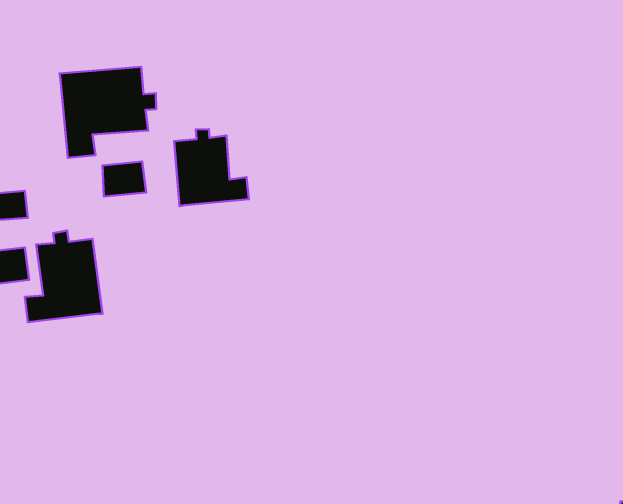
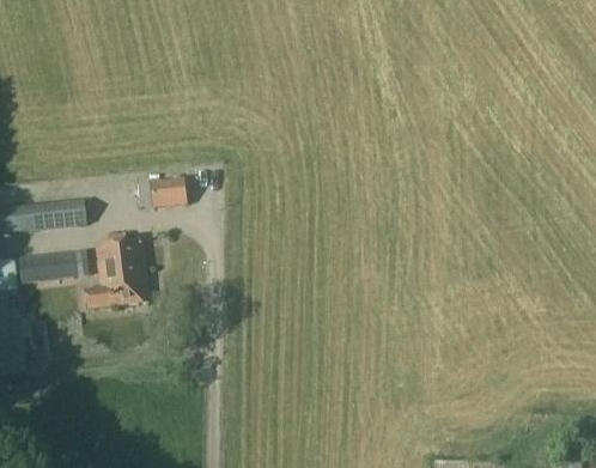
building: [59,67,156,158] -> none
building: [174,129,249,206] -> none

